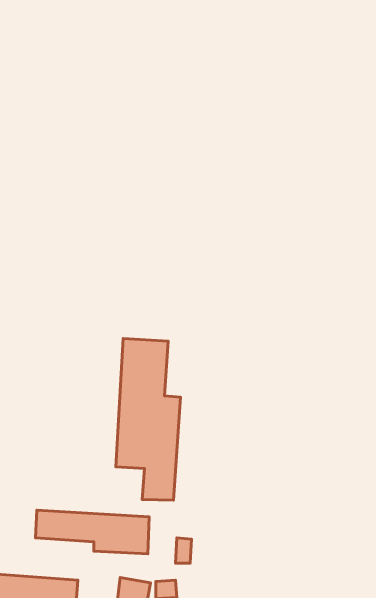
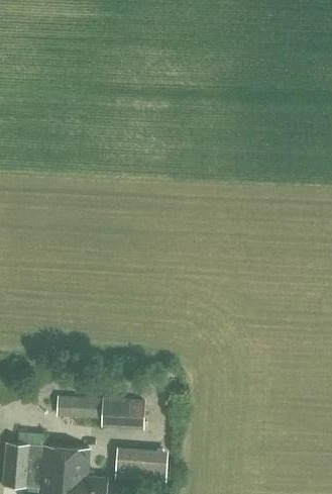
building: [116,338,181,500] -> none

